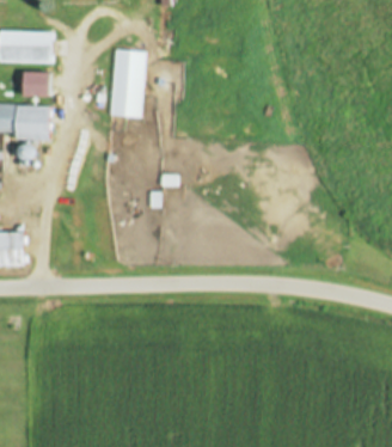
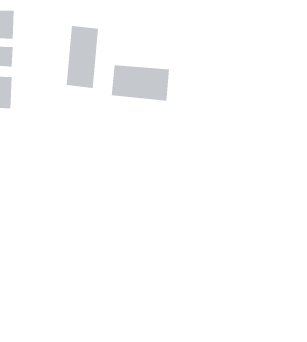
building: none -> [111,64,170,102]

